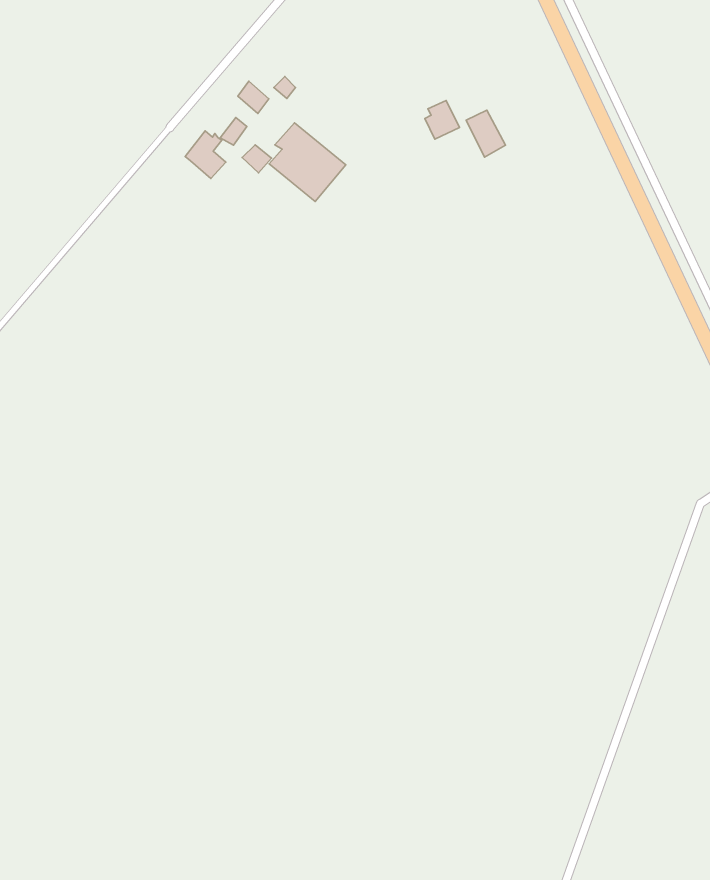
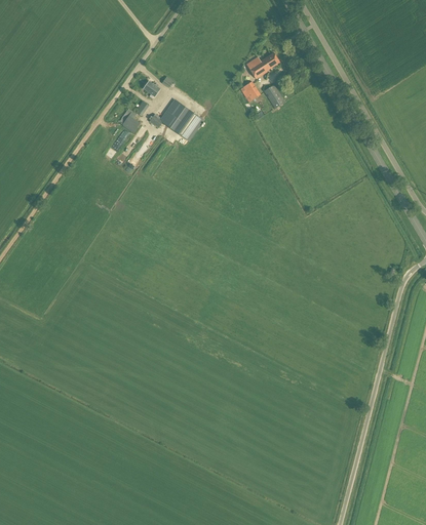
building: none -> [245,52,279,78]

